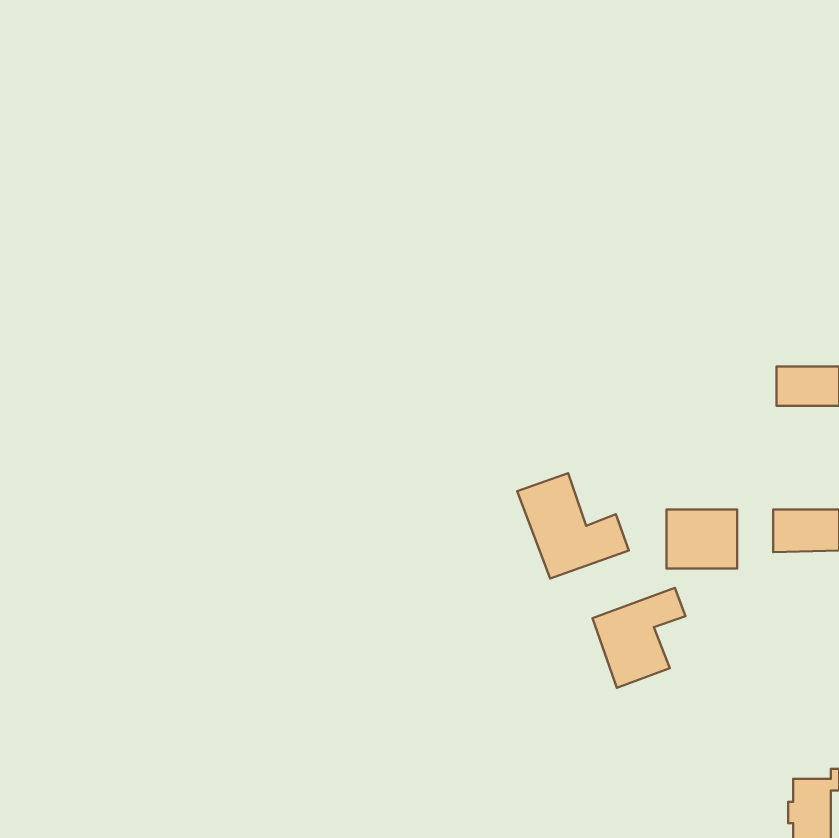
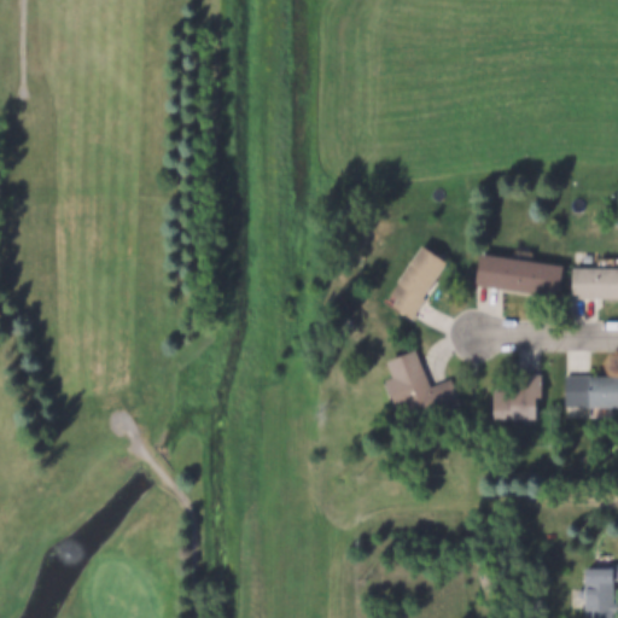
building: none -> [385,247,445,320]
building: none -> [476,256,562,296]
building: [593,588,685,688] -> none

